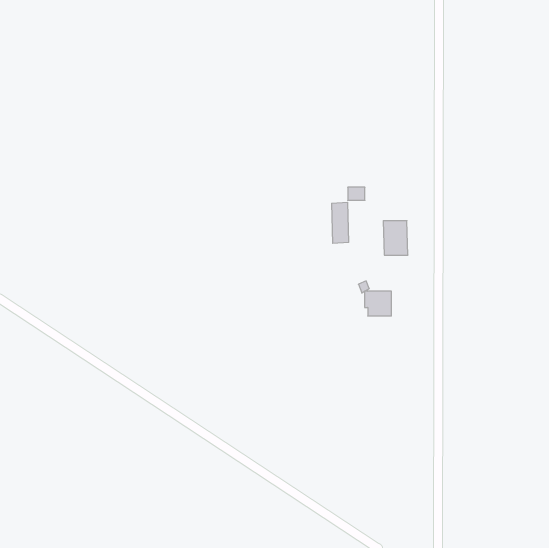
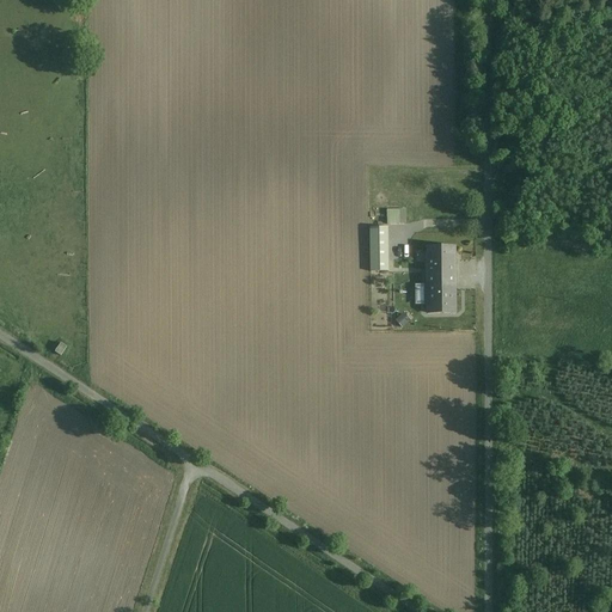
building: [365,291,391,316] -> [423,283,453,311]

